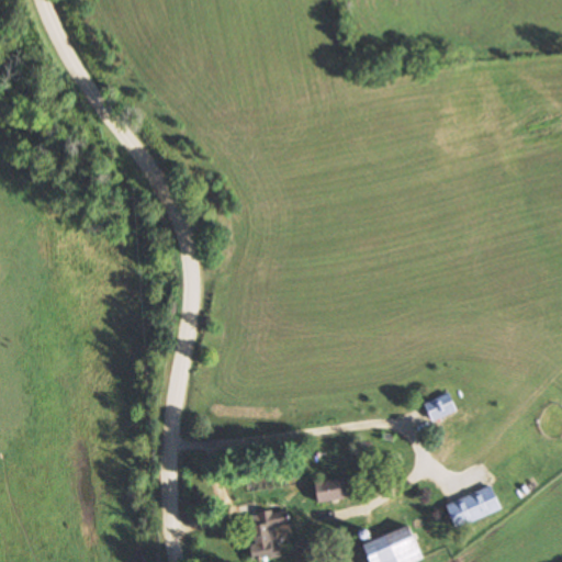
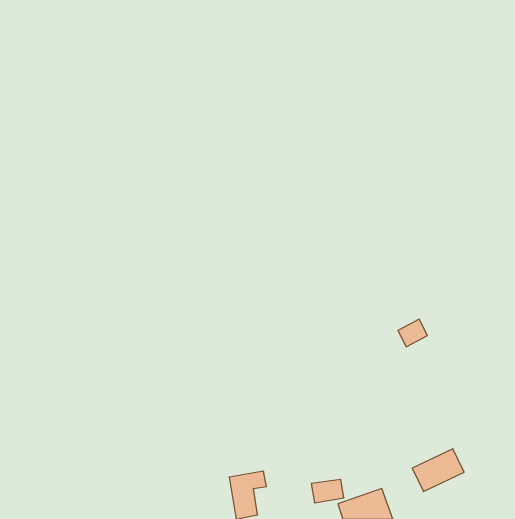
building: [423,392,454,422] -> [398,319,427,347]
building: [314,477,349,503] -> [311,479,344,503]

